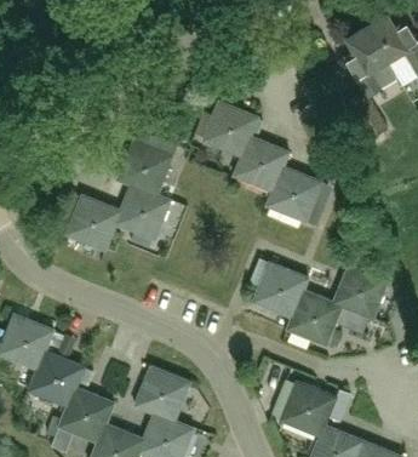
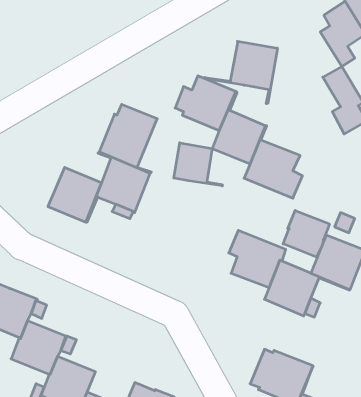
building: none -> [204,41,277,104]
building: none -> [174,143,222,186]
building: none -> [283,210,329,257]
building: [134,366,190,422] -> none

